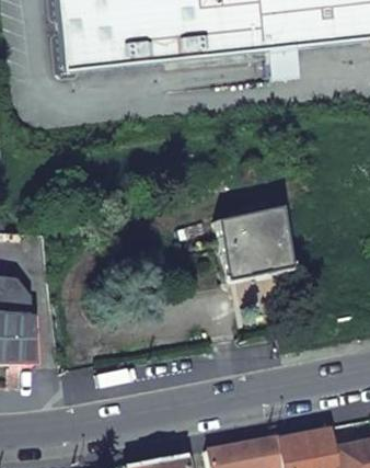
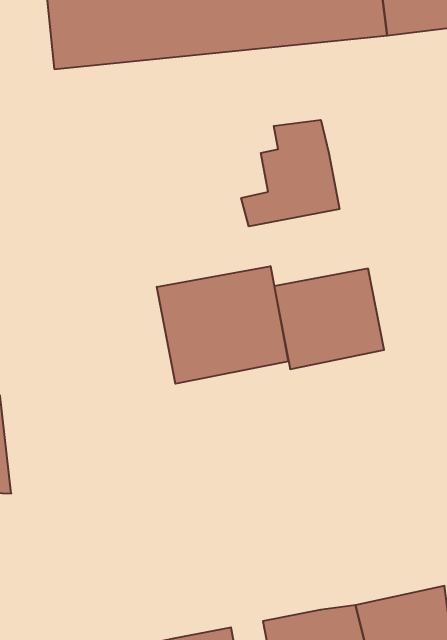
building: none -> [241,120,339,226]
building: none -> [157,266,288,384]

